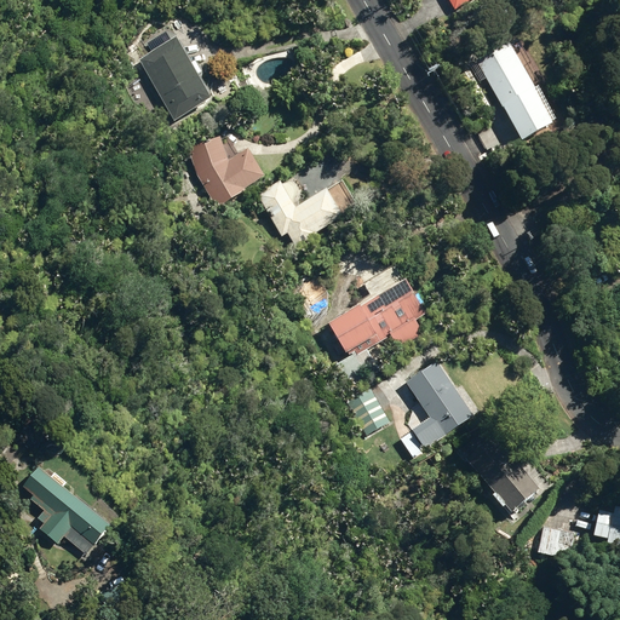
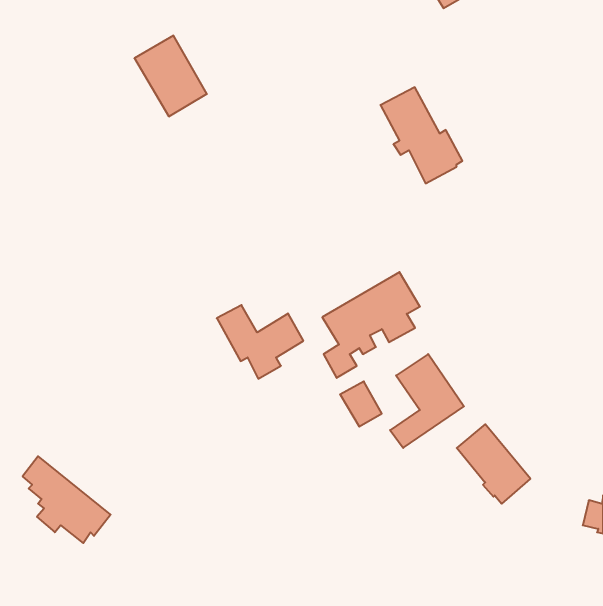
building: [476,41,559,139] -> [380,87,462,183]
building: [184,134,266,207] -> none
building: [254,178,343,253] -> [217,305,303,379]
building: [535,524,573,558] -> none

